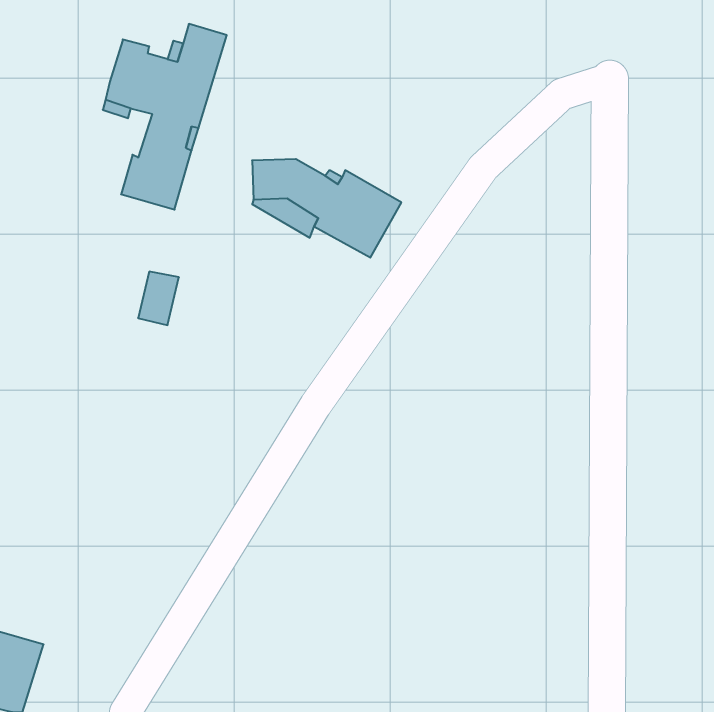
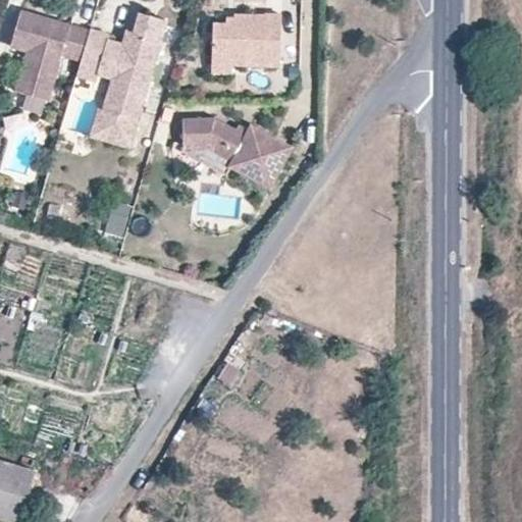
building: none -> [9,10,89,100]
building: none -> [213,10,281,66]

